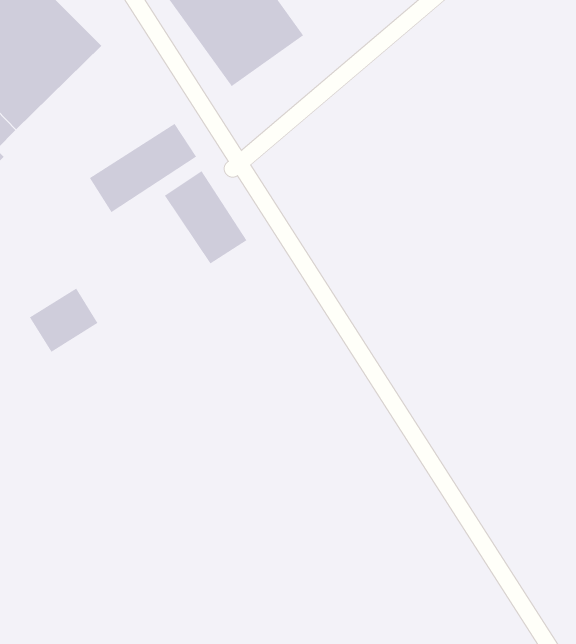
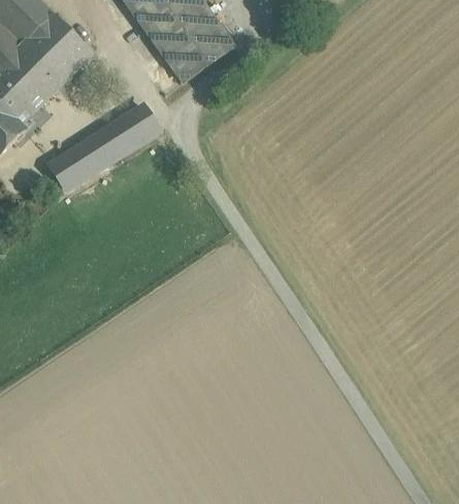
building: [164,170,247,265] -> none
building: [29,287,99,353] -> [52,144,100,190]

